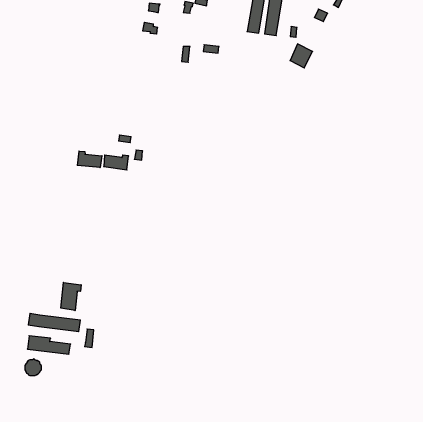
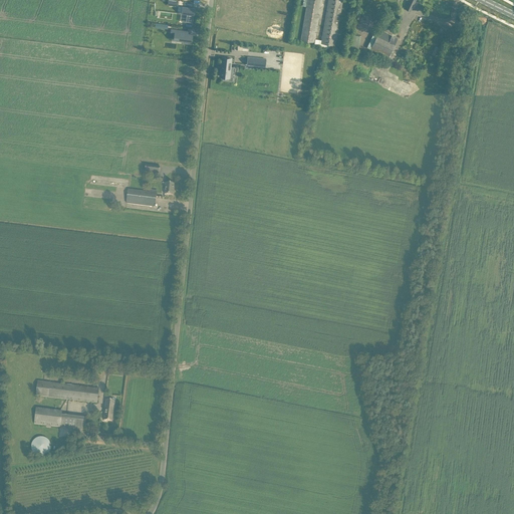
building: [290,44,313,68] -> [369,27,397,56]
building: [77,151,102,168] -> none
building: [61,282,81,311] -> none

